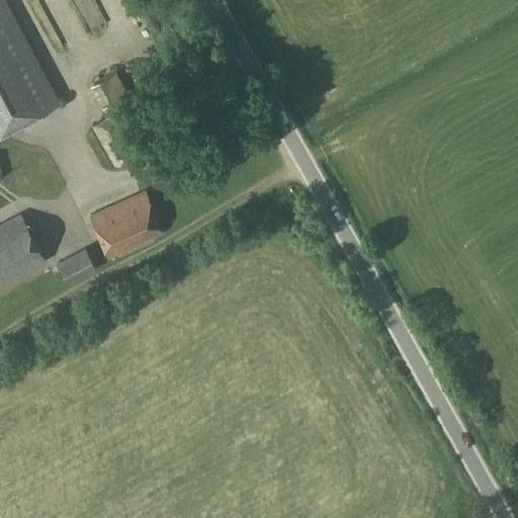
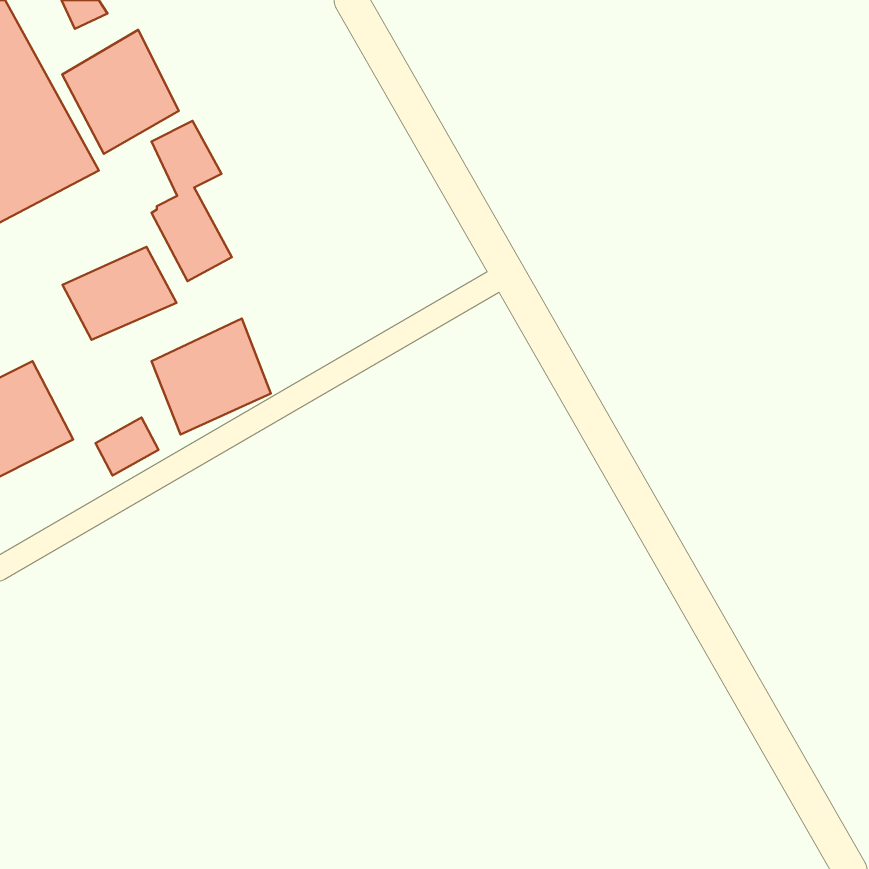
building: none -> [62,30,179,154]
building: none -> [63,247,176,340]

